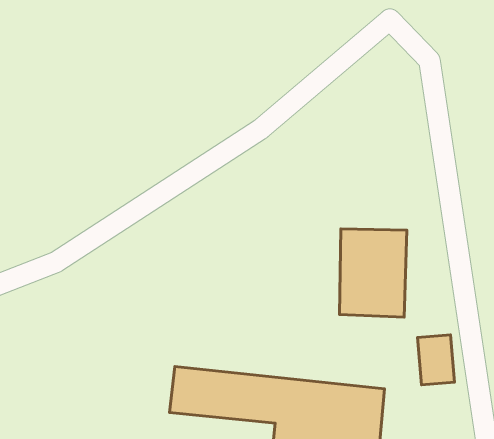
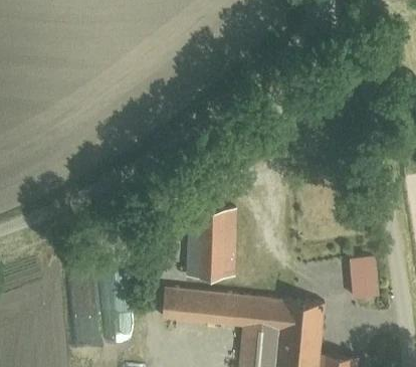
building: [340,229,407,317] -> [183,212,234,280]

